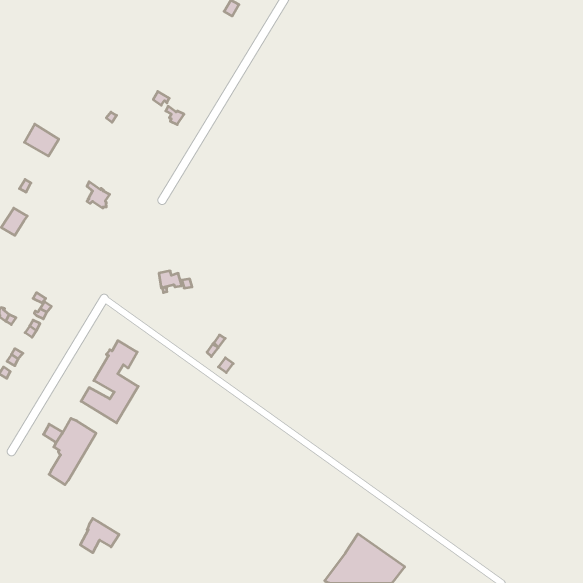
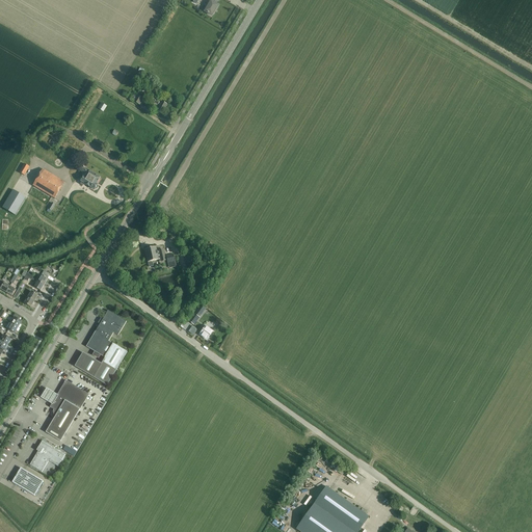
building: [24,124,59,156] -> [32,168,63,197]
building: none -> [11,468,42,495]
building: [80,518,119,553] -> [29,440,64,471]

